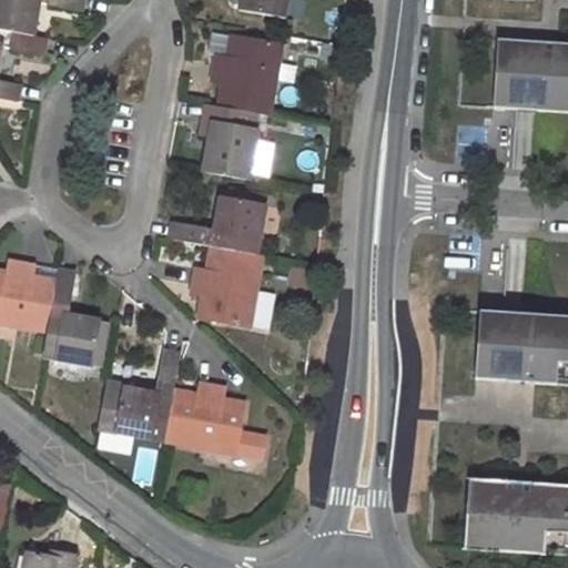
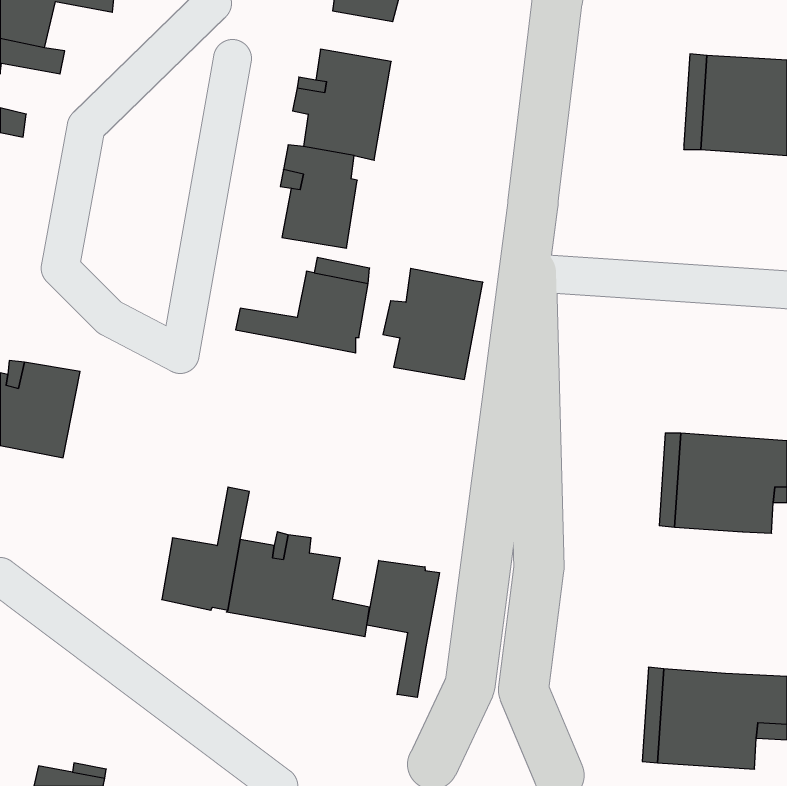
building: [191,245,263,325] -> [383,268,483,379]
building: [41,267,99,363] -> none
building: none -> [367,560,439,697]

